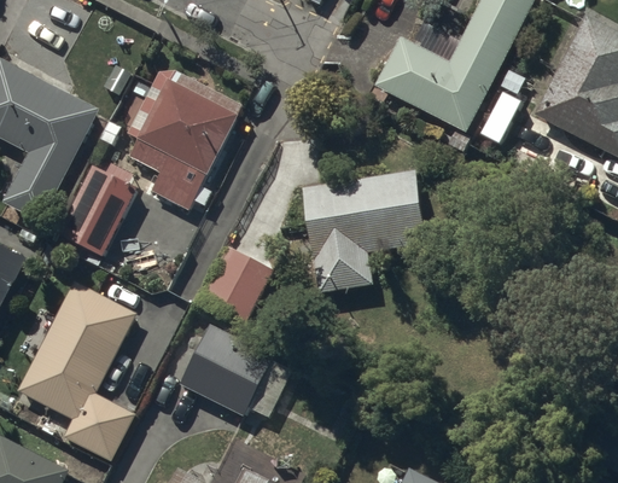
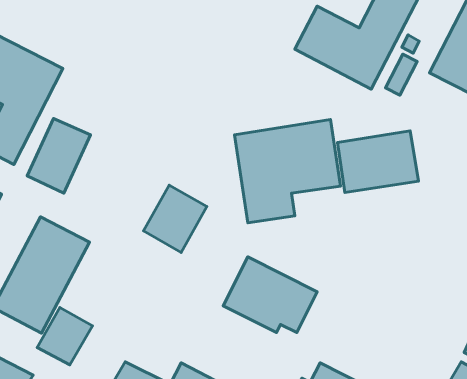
building: [128,71,243,210] -> none
building: none -> [338,131,419,193]
building: [179,326,290,415] -> [223,257,317,333]

